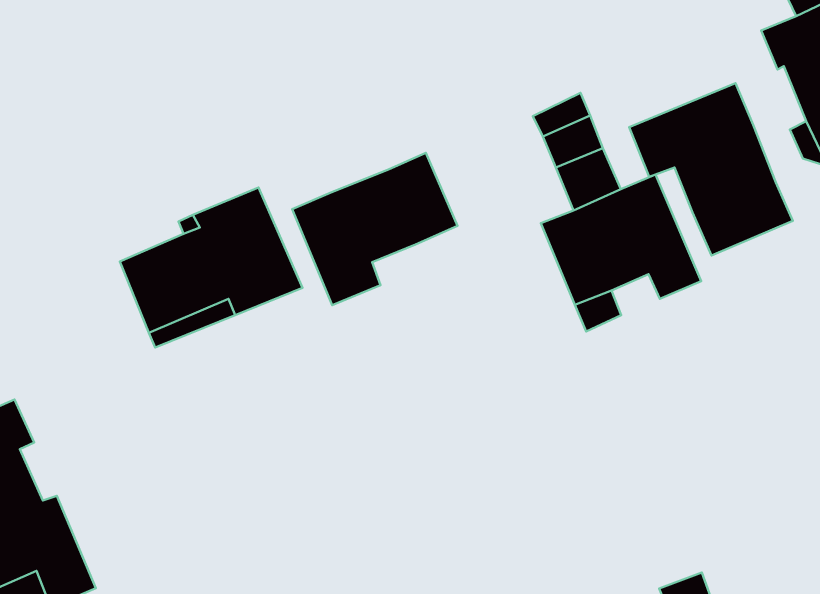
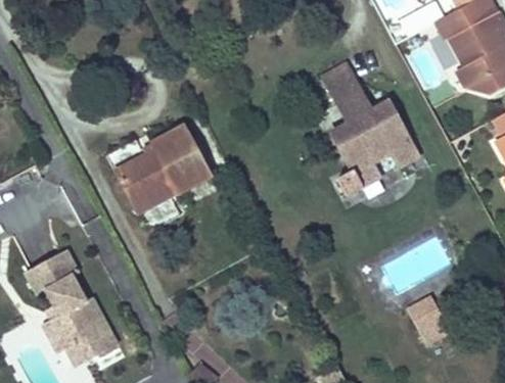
building: [629,83,793,256] -> none
building: [292,153,458,305] -> none

